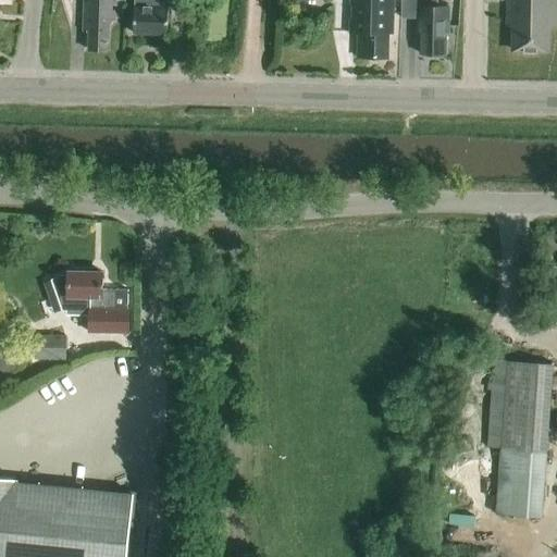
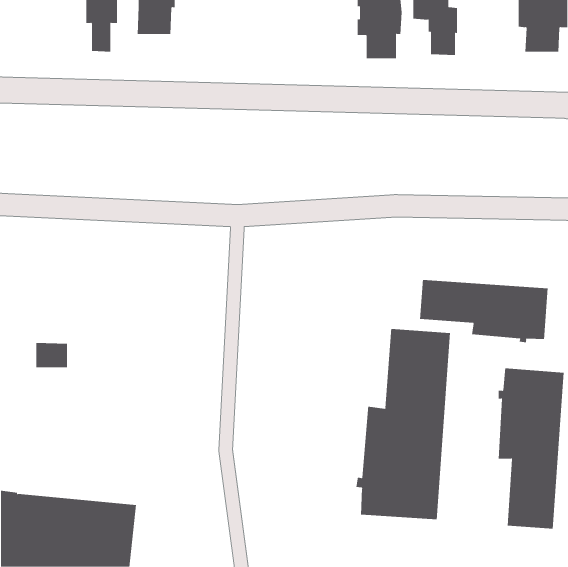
building: [52,271,129,333] -> none
building: none -> [420,279,548,343]
building: none -> [356,328,451,520]

